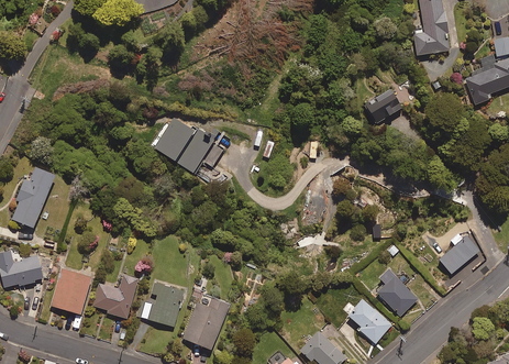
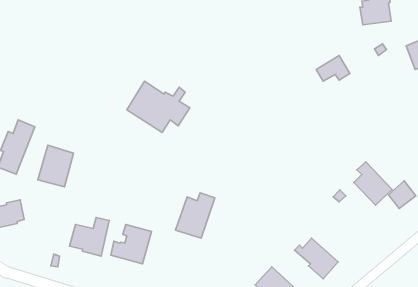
building: [51,266,90,312] -> [38,145,73,187]
building: [375,266,418,315] -> [354,162,392,205]
building: [184,296,228,346] -> [175,193,215,238]

